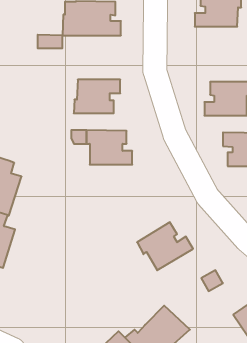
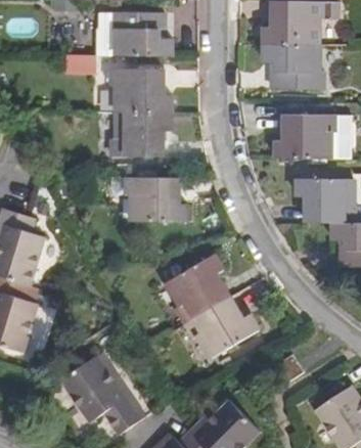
building: none -> [265,44,324,87]
building: none -> [111,68,171,111]
building: none -> [174,252,233,319]
building: none -> [59,354,144,433]

